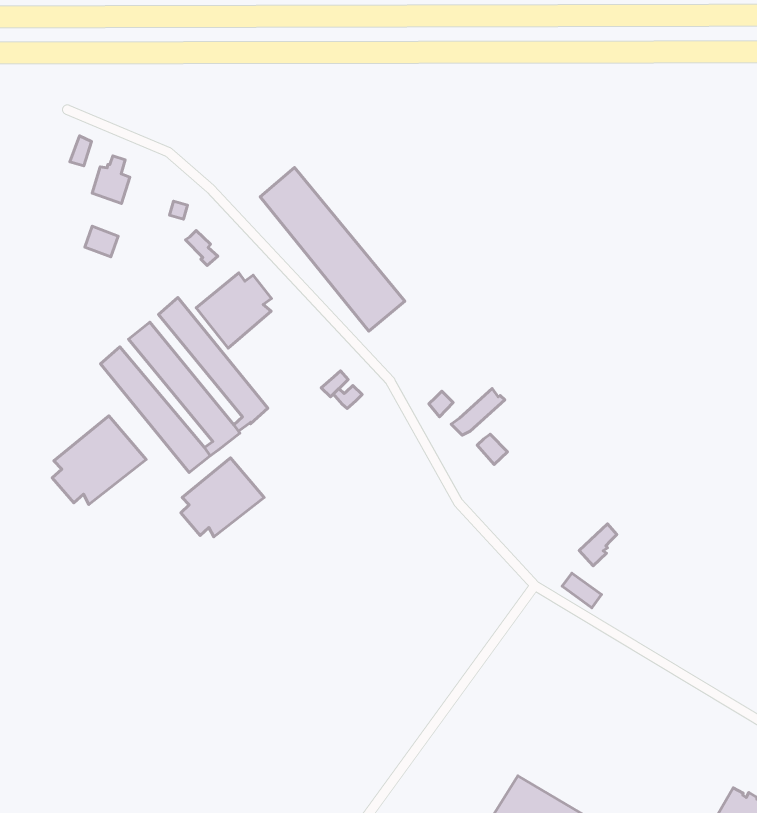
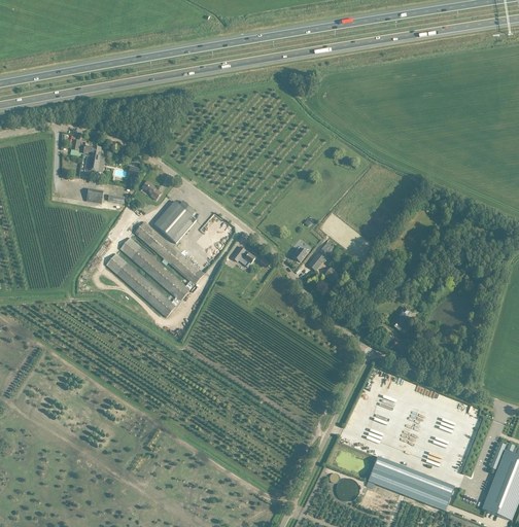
building: [260,167,405,331] -> none
building: [52,416,146,505] -> none
building: [181,458,264,537] -> none

